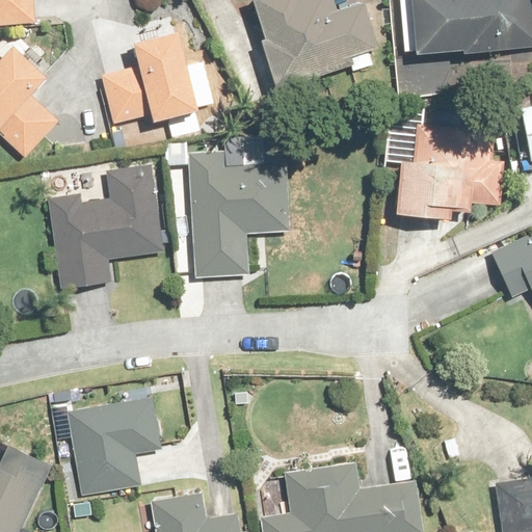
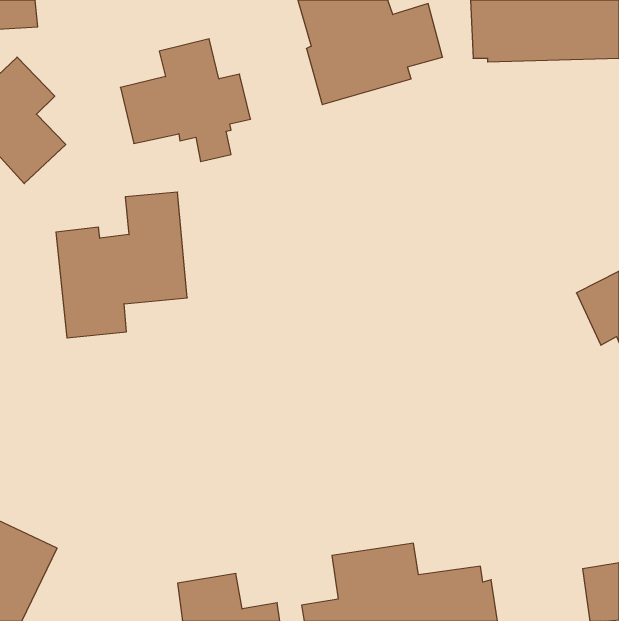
building: [399,105,502,218] -> none
building: [189,150,291,278] -> none
building: [68,396,162,491] -> none

